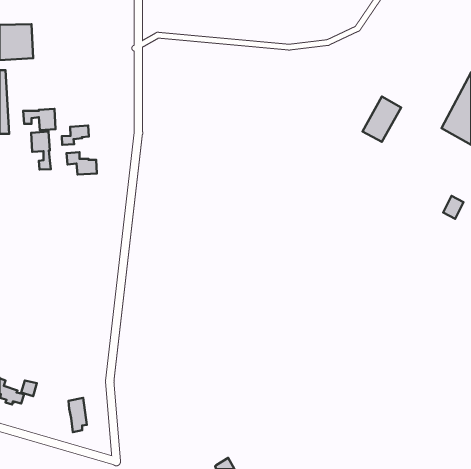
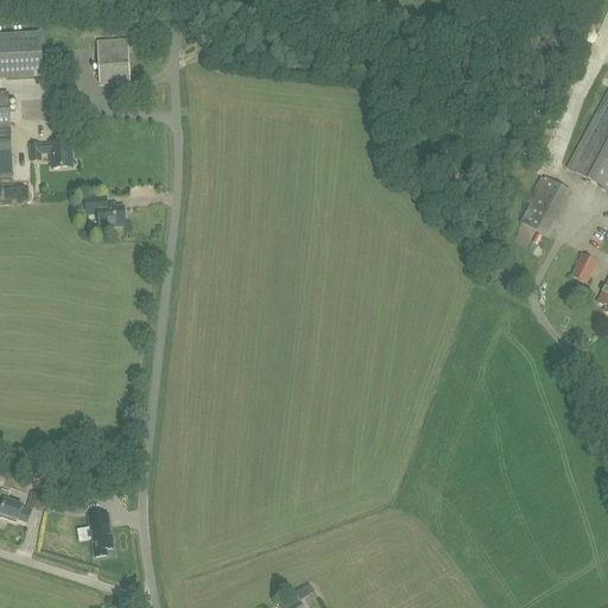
building: none -> [96,38,129,82]
building: [362,97,401,142] -> [520,175,570,233]
building: [62,125,89,145] -> none
building: [31,132,51,170] -> none

